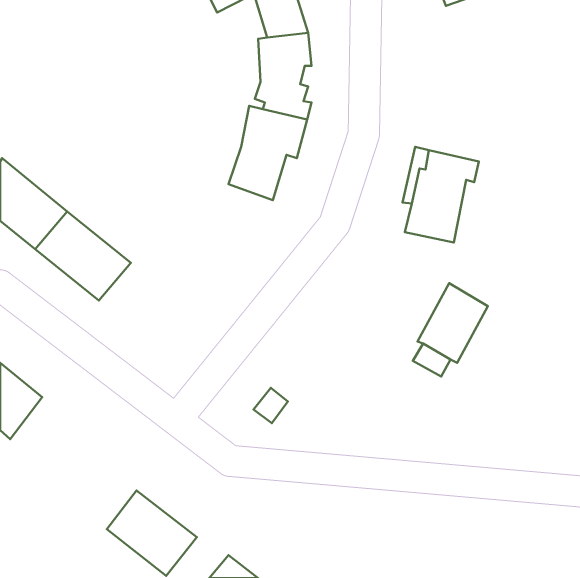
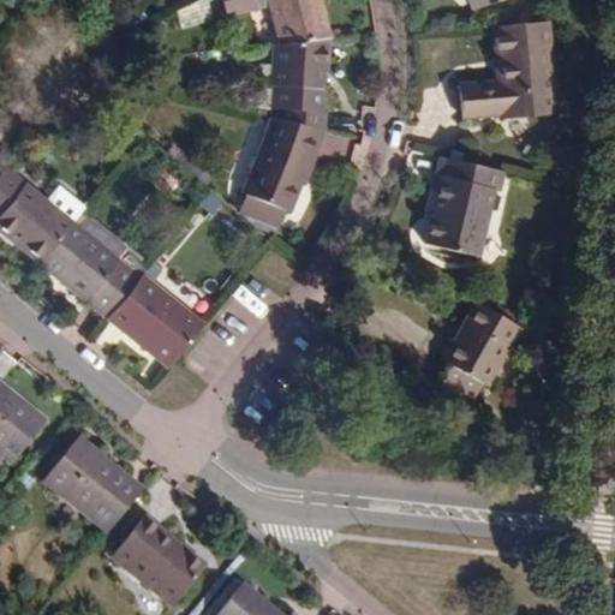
building: none -> [459,18,554,117]
building: none -> [106,274,204,368]
building: none -> [43,440,142,533]

